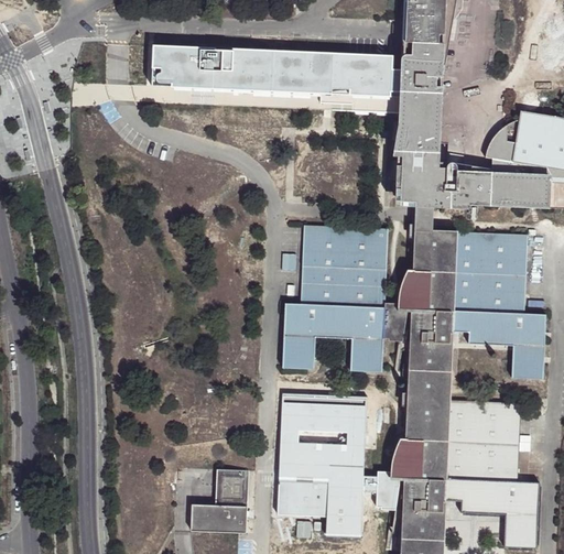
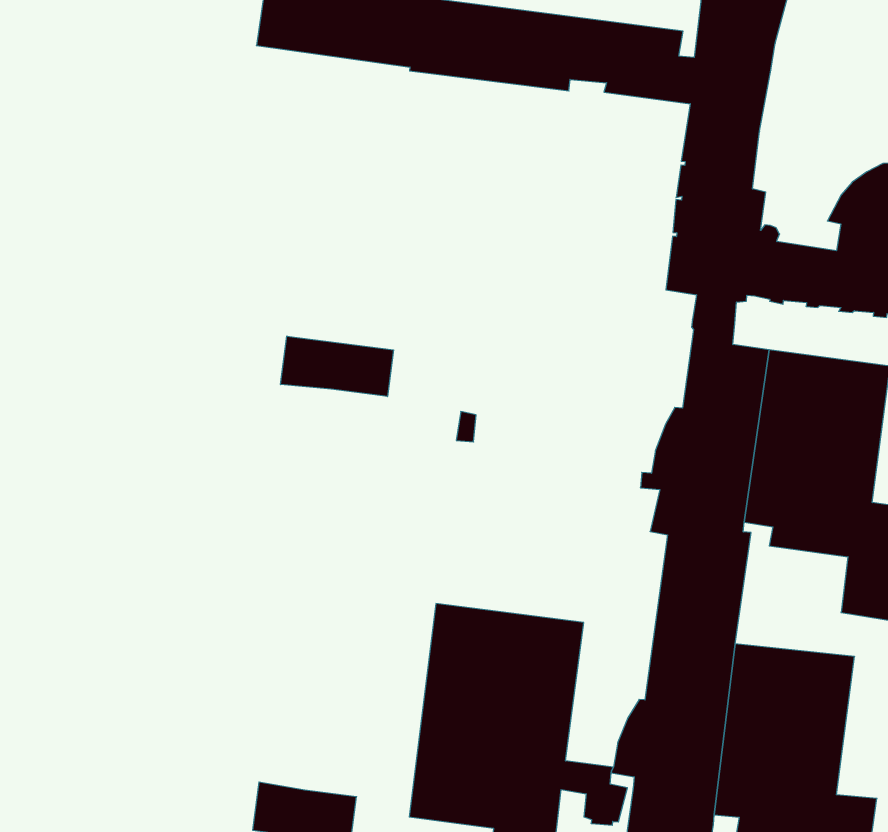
building: [282,226,402,373] -> none
building: none -> [281,336,393,397]
building: [216,470,248,507] -> none

